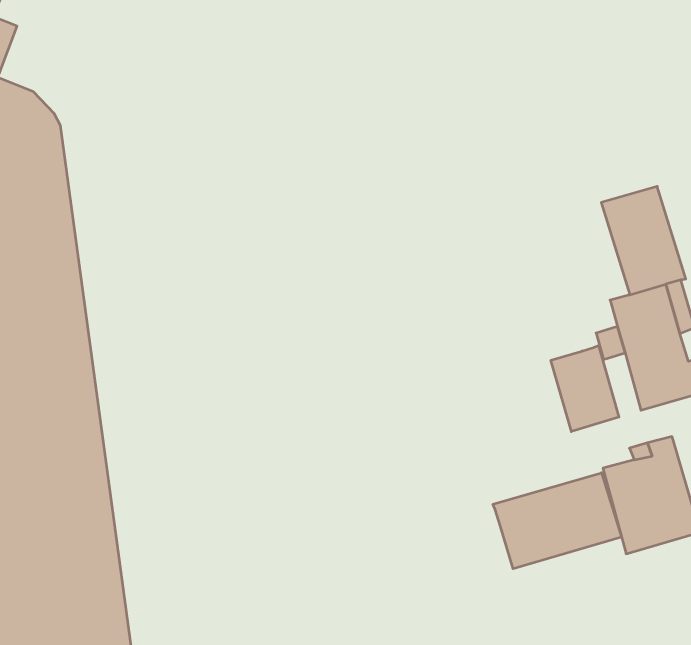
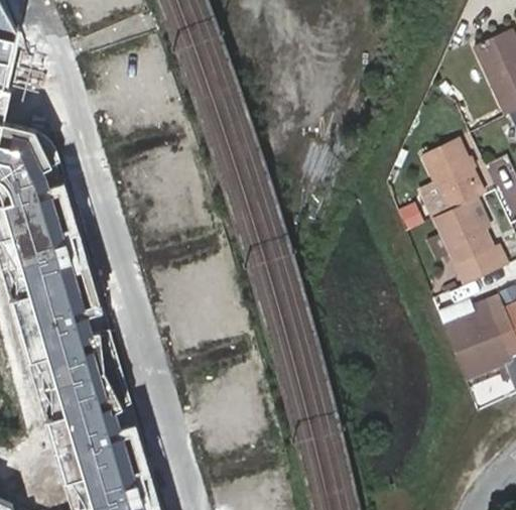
building: [551,346,619,432] -> none
building: [493,473,622,569] -> none

